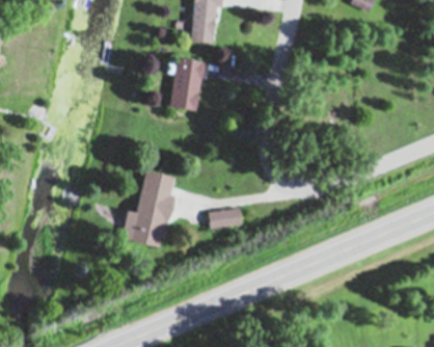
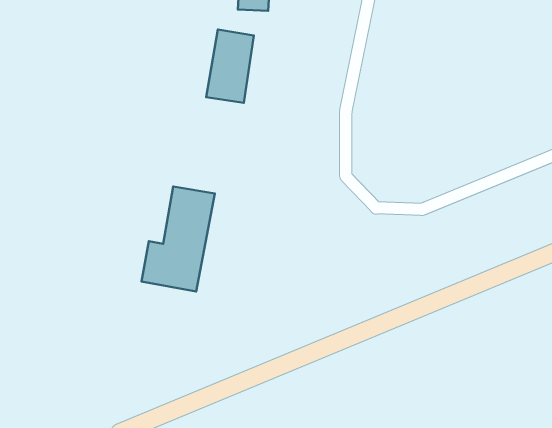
building: [209,207,242,228] -> none

